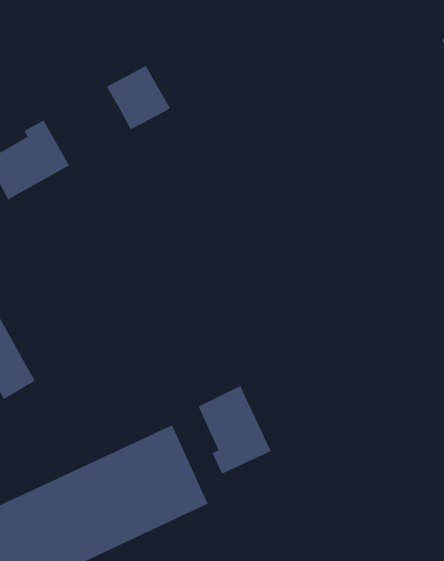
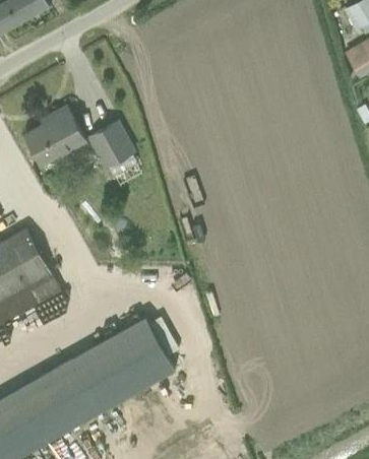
building: [106,65,171,130] -> [88,123,134,169]
building: [198,385,272,475] -> none

